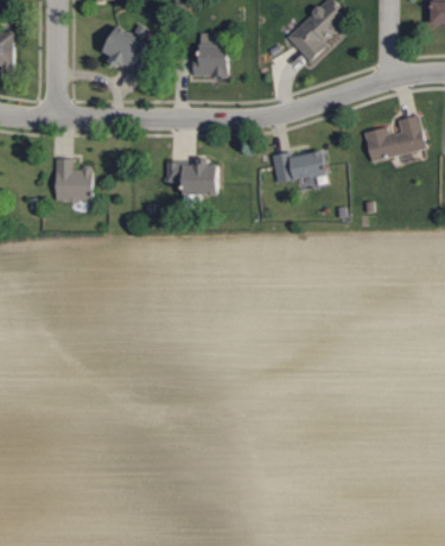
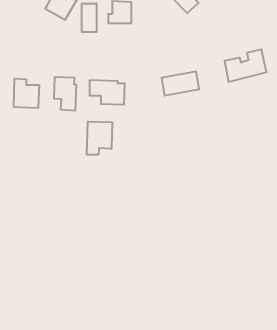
building: none -> [82,3,97,32]
building: none -> [54,77,76,111]
building: none -> [87,121,112,155]

